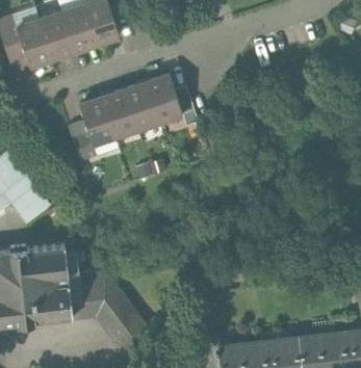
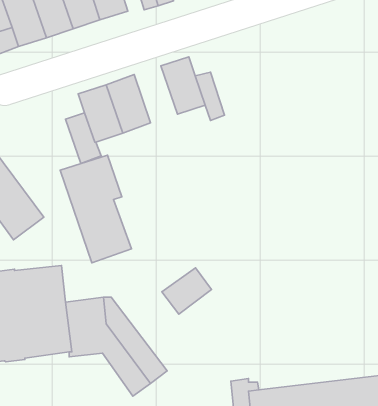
building: [124,81,159,128] -> none
building: none -> [60,155,131,263]
building: none -> [162,268,211,314]

